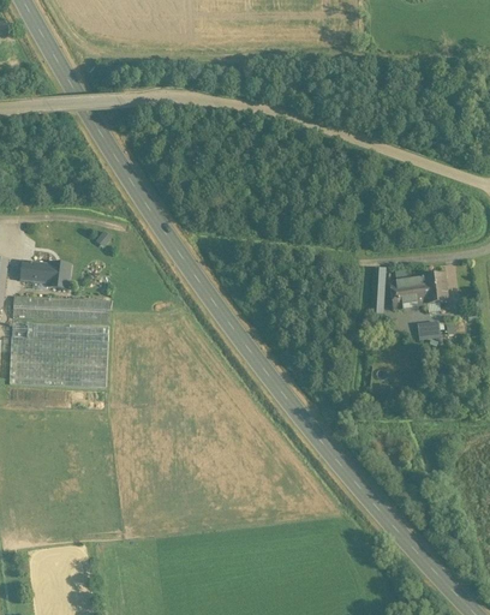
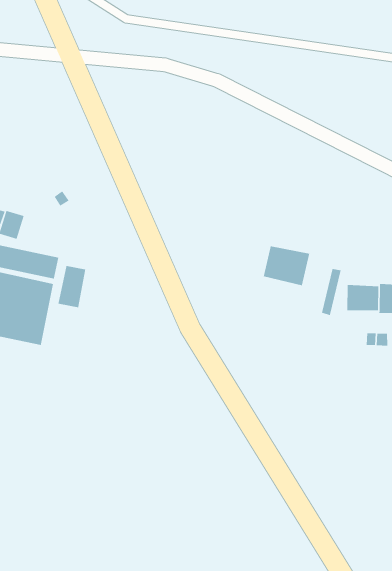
building: none -> [263,244,310,286]
building: none -> [58,265,87,308]

